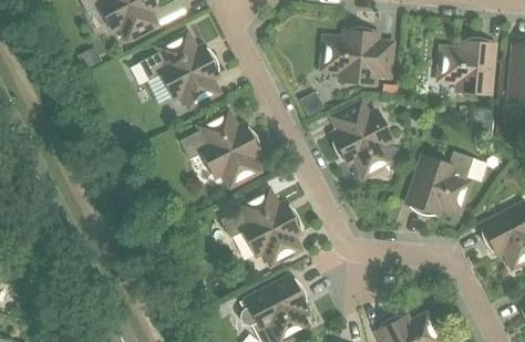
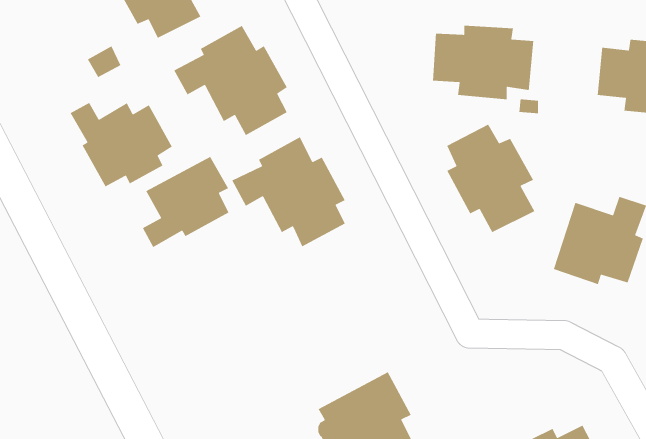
building: none -> [69,102,173,188]
building: none -> [142,156,229,248]
building: [219,187,300,266] -> none

